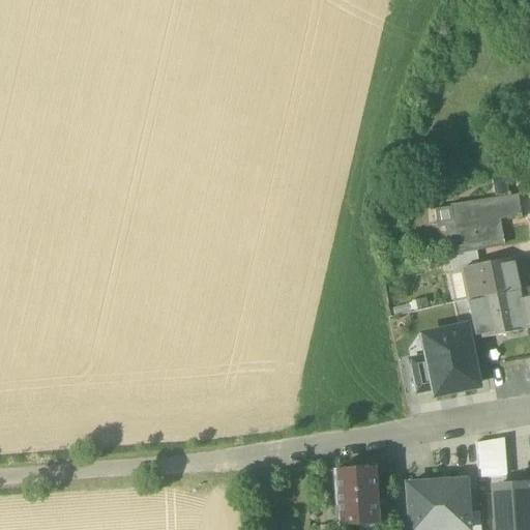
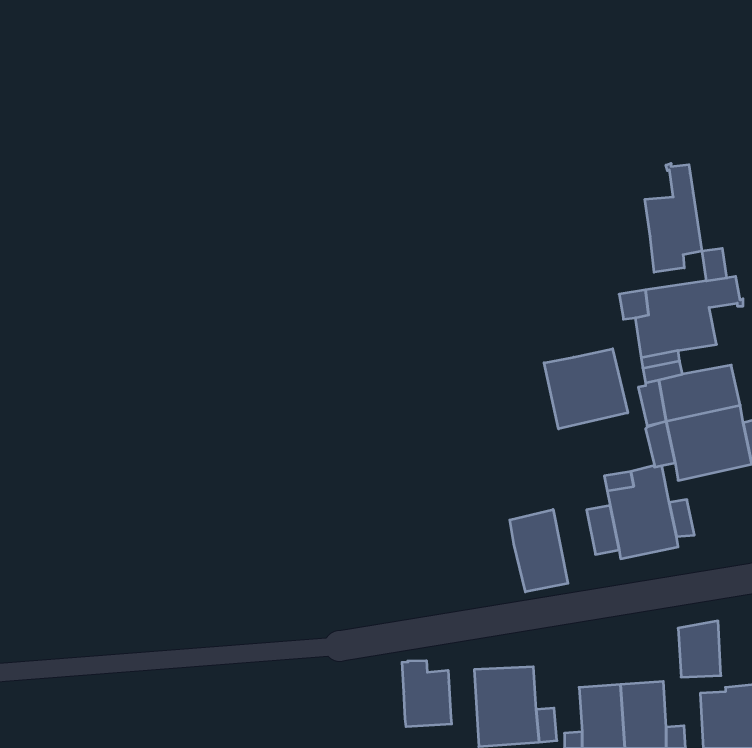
building: none -> [645,163,702,272]
building: none -> [544,349,628,429]
building: none -> [510,509,568,592]
building: none -> [402,661,452,727]

